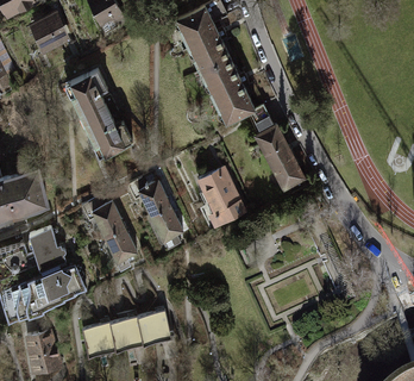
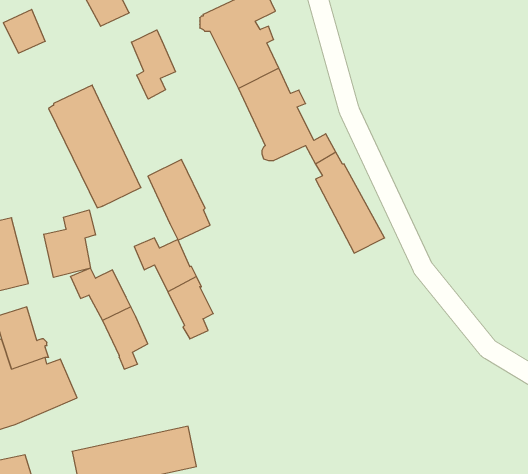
building: none -> [131,30,176,99]
building: none -> [44,210,96,277]
building: [197,167,242,224] -> [148,160,210,240]

